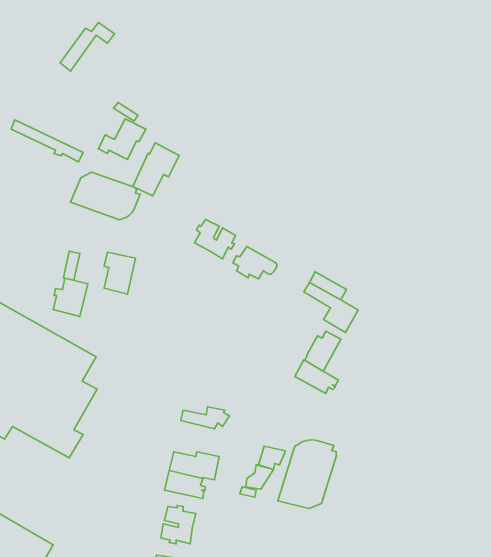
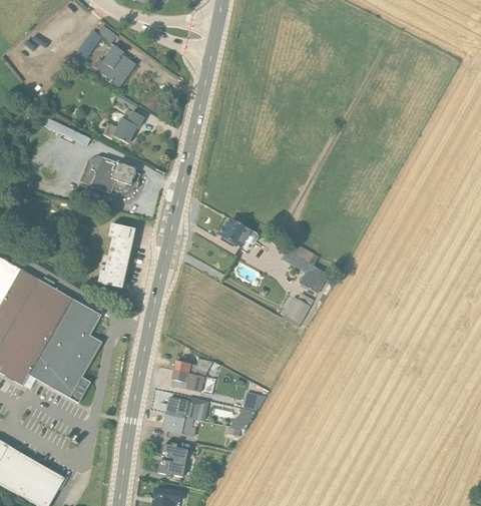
building: none -> [93,46,136,89]
building: [133,143,179,196] -> none
building: [194,220,235,259] -> none
building: [53,278,88,316] -> [98,256,128,289]
building: [295,360,339,394] -> none
building: none -> [170,370,205,393]
building: [278,440,337,509] -> none

